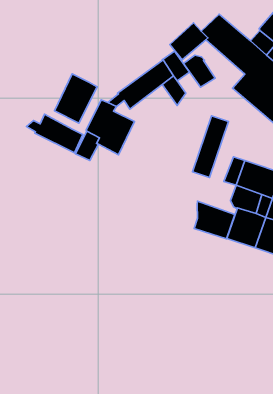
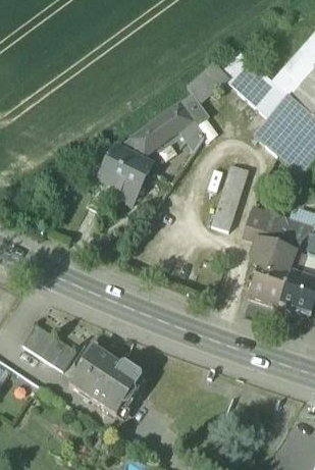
building: [183,55,215,87] -> none
building: [54,74,97,123] -> none
building: [26,114,83,153] -> none
building: [194,201,235,239] -> none
building: none -> [21,322,77,369]
building: none -> [68,347,146,413]

